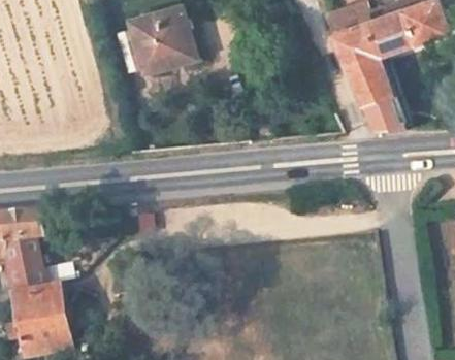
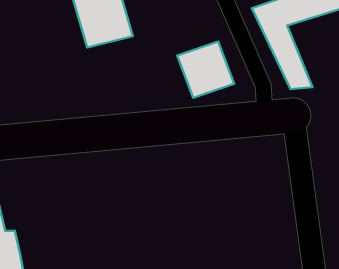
building: none -> [177,41,234,98]

